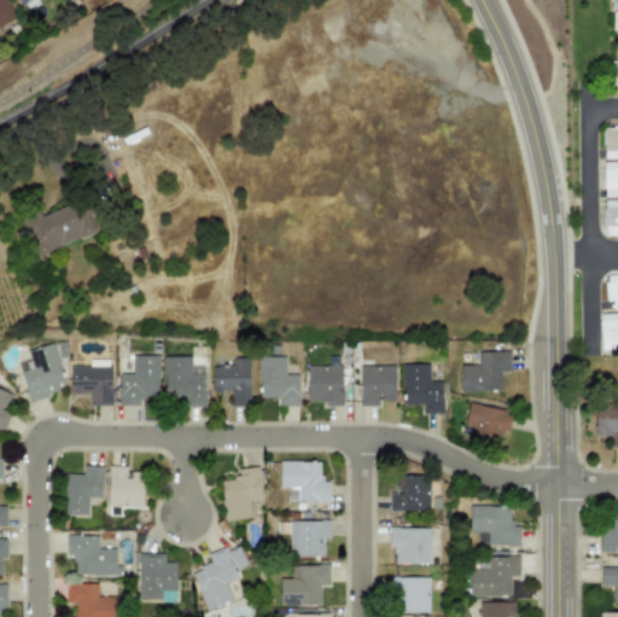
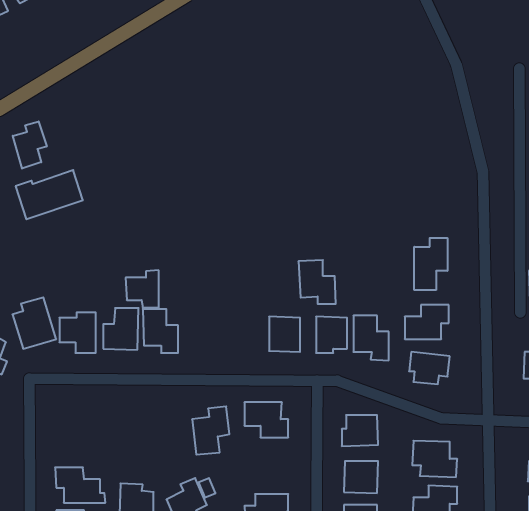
building: none -> [13,121,47,169]
building: none -> [414,238,447,290]
building: [261,356,303,406] -> [298,260,336,304]
building: [215,357,252,400] -> [126,270,159,308]
building: [65,465,106,516] -> none
building: [111,466,146,508] -> none
building: [282,520,332,557] -> none

